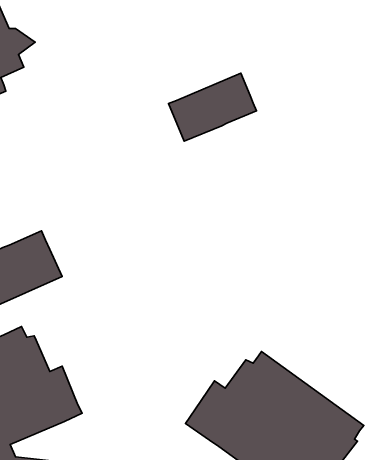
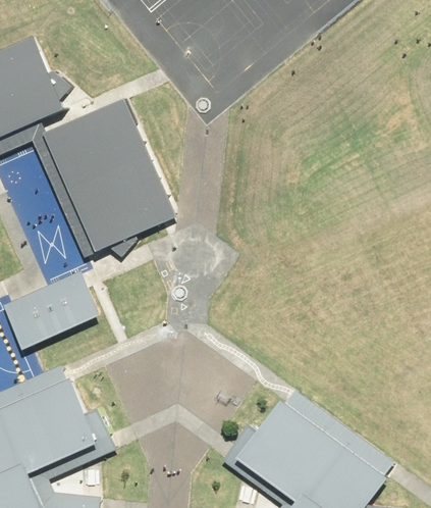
building: none -> [43,100,171,258]
building: [169,73,257,141] -> none

